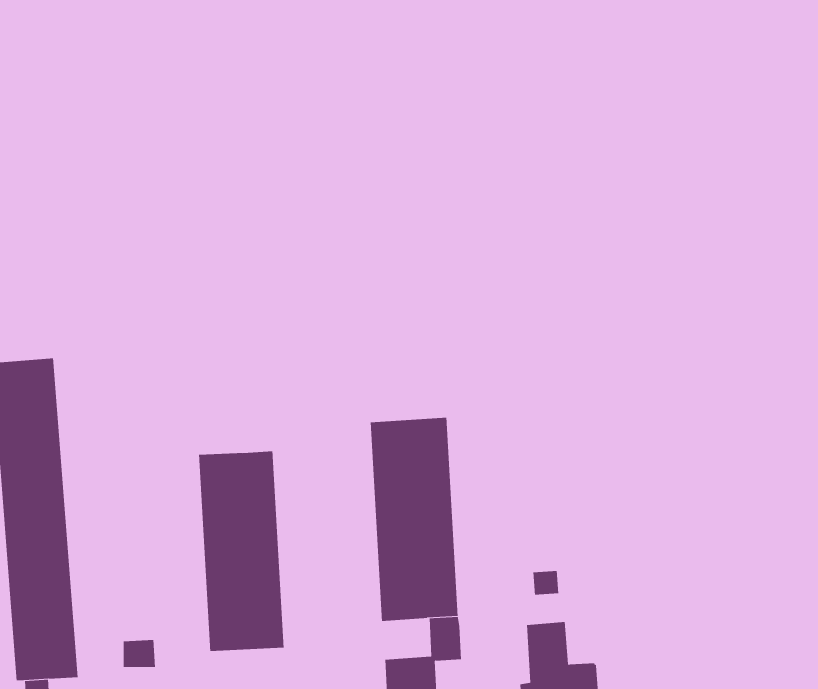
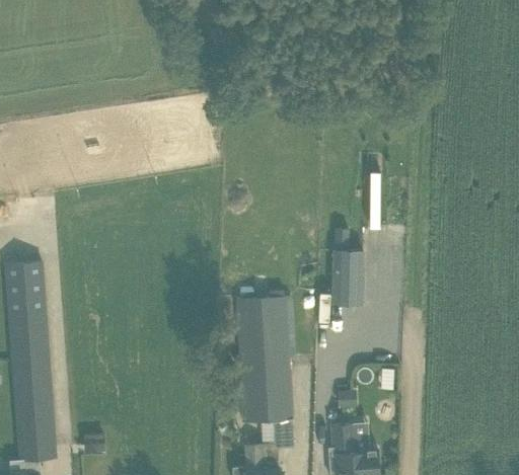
building: none -> [333,250,363,304]
building: [198,450,284,652] -> none

